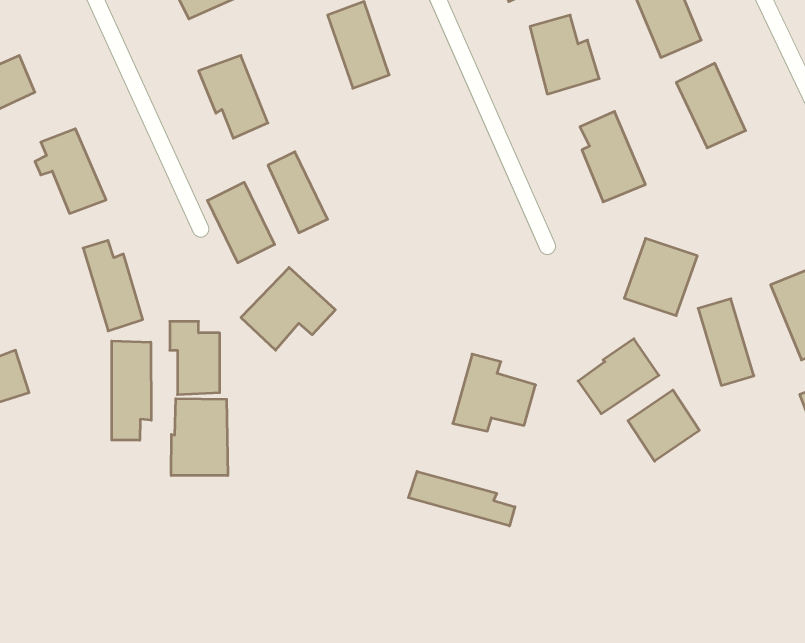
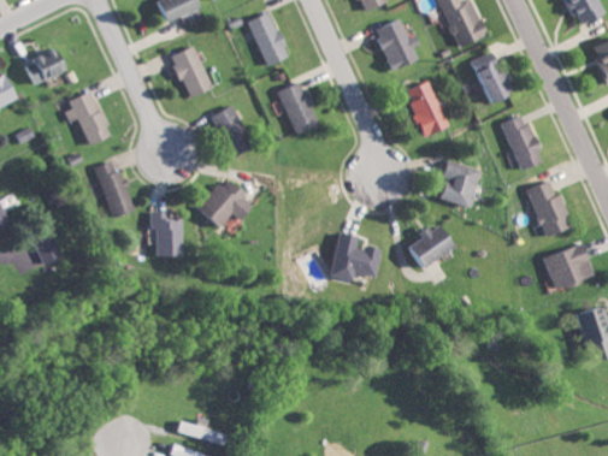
building: none -> [279,82,319,134]
building: [207,182,275,263] -> none
building: [698,299,754,385] -> [504,116,539,170]
building: [112,341,151,440] -> none
building: [628,390,699,461] -> none
building: [171,399,228,476] -> none
building: [408,471,515,526] -> none

